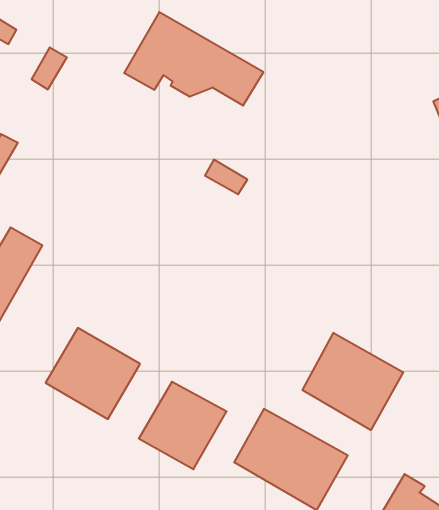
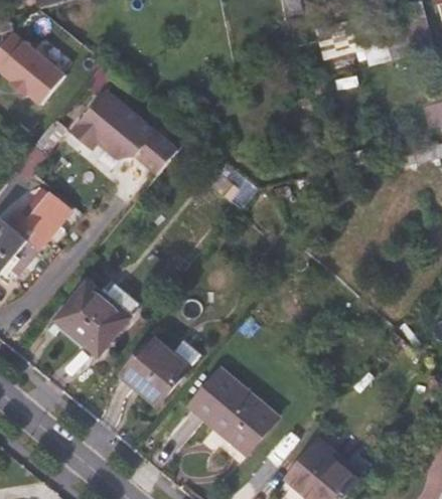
building: [124,12,263,106] -> [70,89,178,172]
building: [303,333,403,430] -> none

